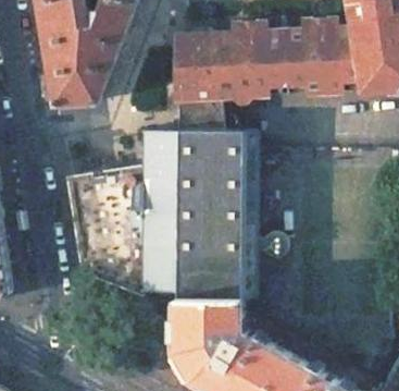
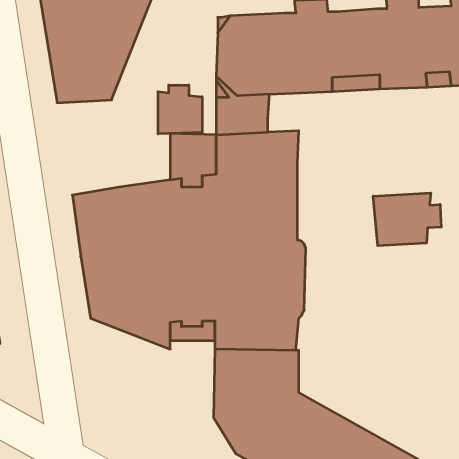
building: none -> [158,85,202,134]
building: none -> [373,193,441,246]

